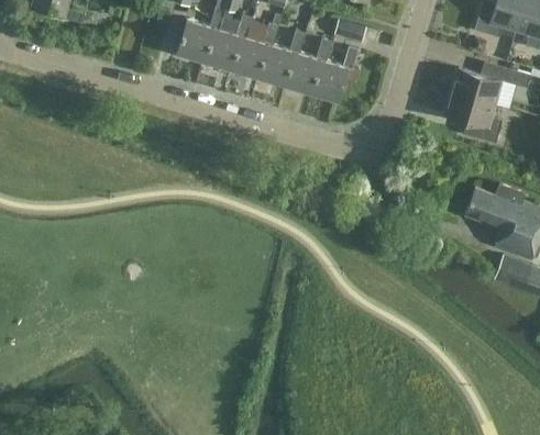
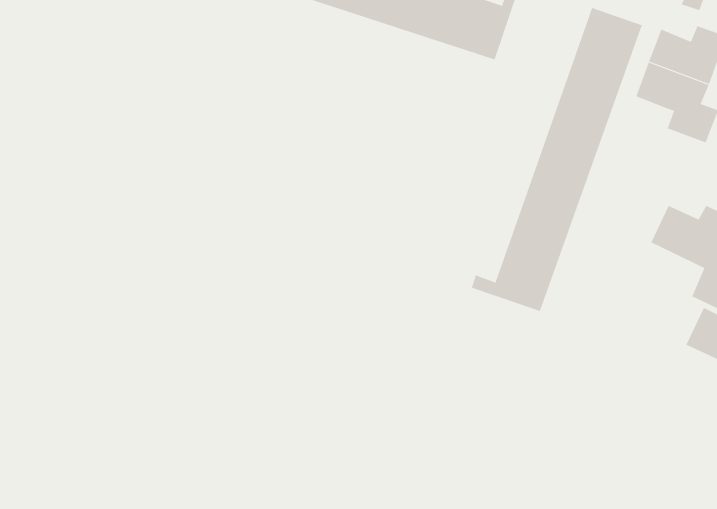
building: none -> [471,7,642,312]

